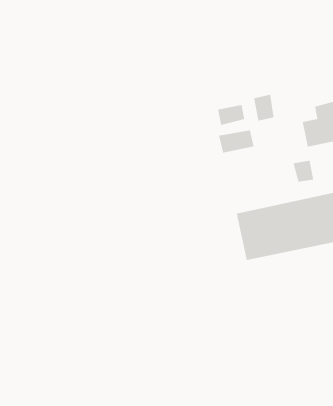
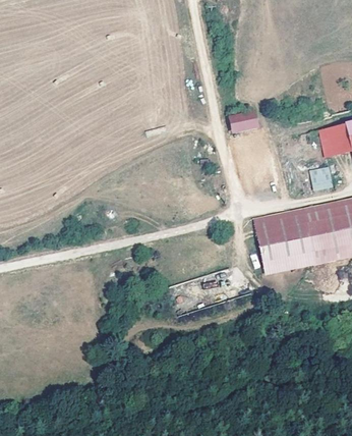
building: [253,94,275,121] -> none
building: [218,130,254,153] -> none

